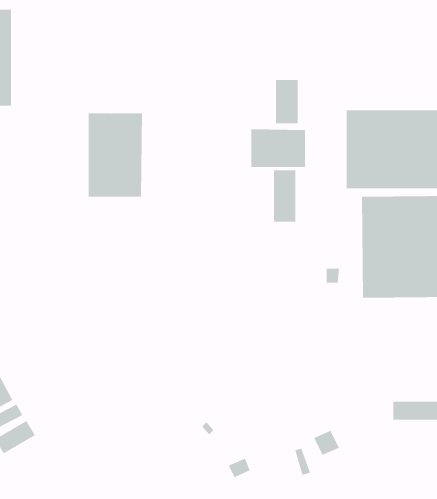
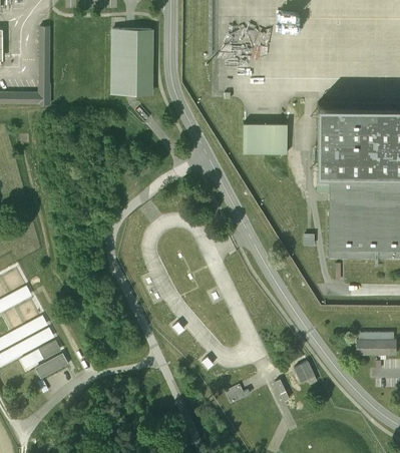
building: [276,79,298,124] -> none
building: [88,113,143,197] -> [111,28,155,95]
building: [273,169,296,222] -> none

